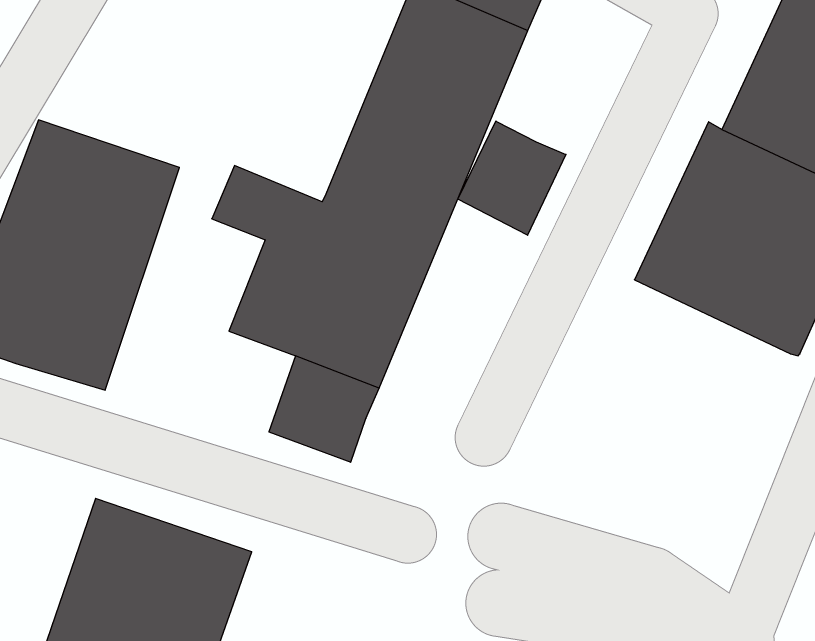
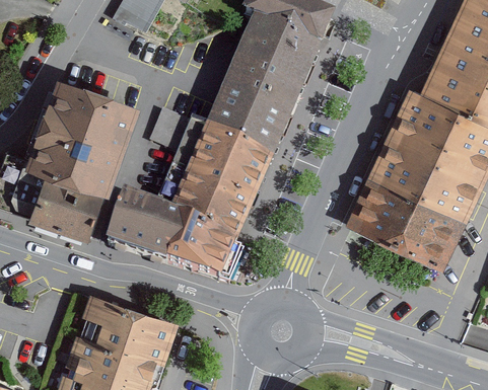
building: [458,121,566,235] -> none
building: none -> [350,176,458,266]
building: none -> [111,192,194,257]

